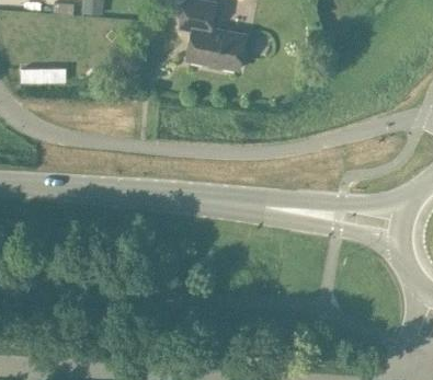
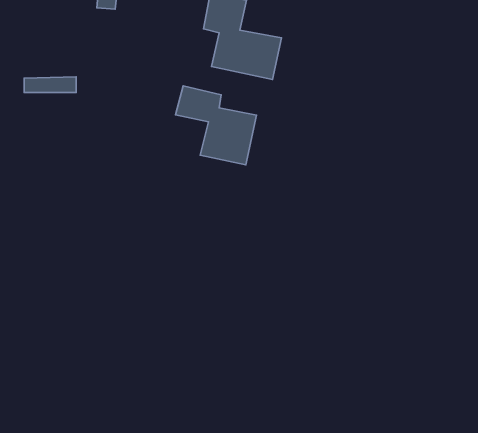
building: none -> [176,86,257,165]

